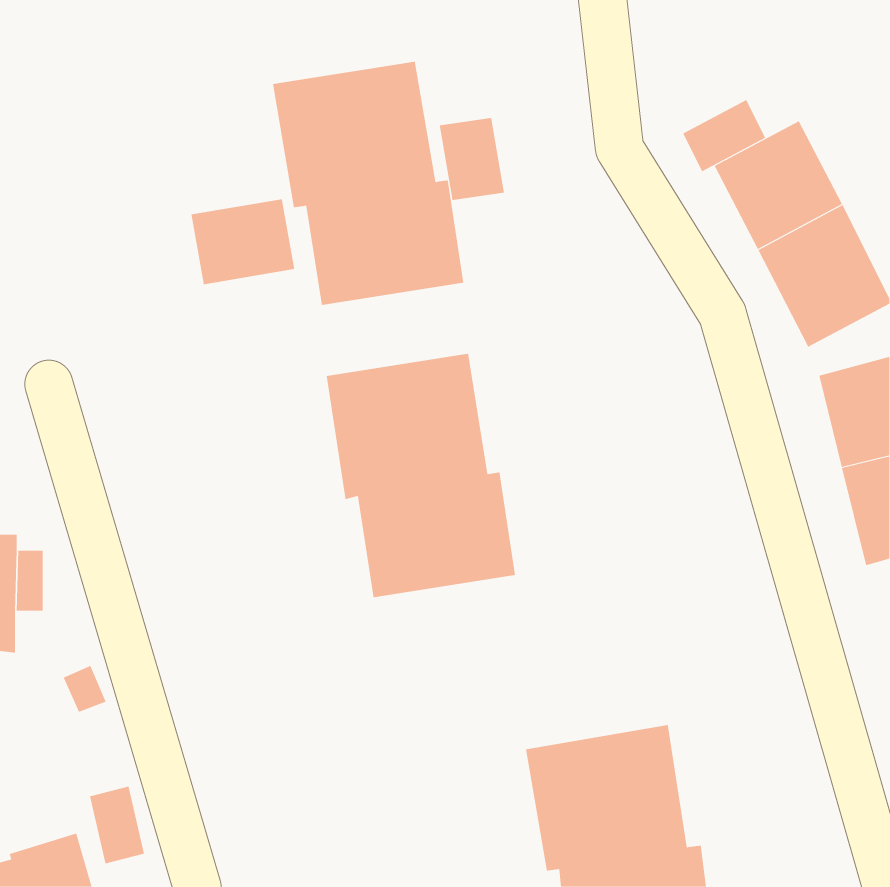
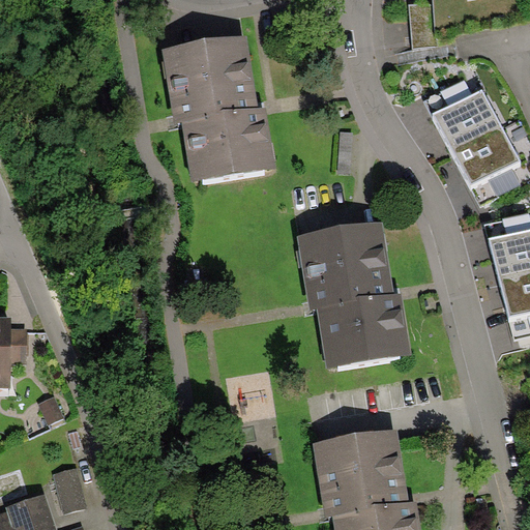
building: [682,99,766,172] -> none
building: [439,117,504,201] -> none
building: [191,199,295,285] -> none
building: [326,353,516,598] -> [297,224,410,369]

